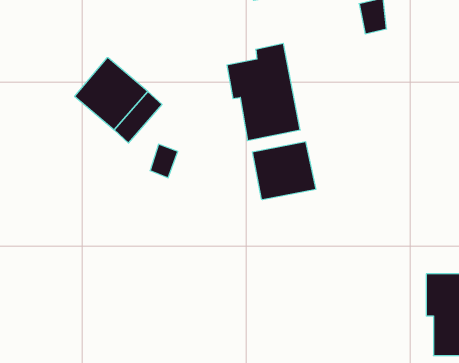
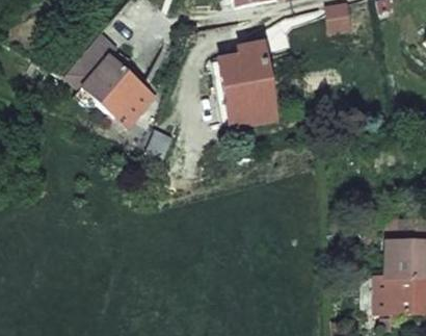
building: none -> [64,34,115,87]
building: [252,142,316,200] -> none

